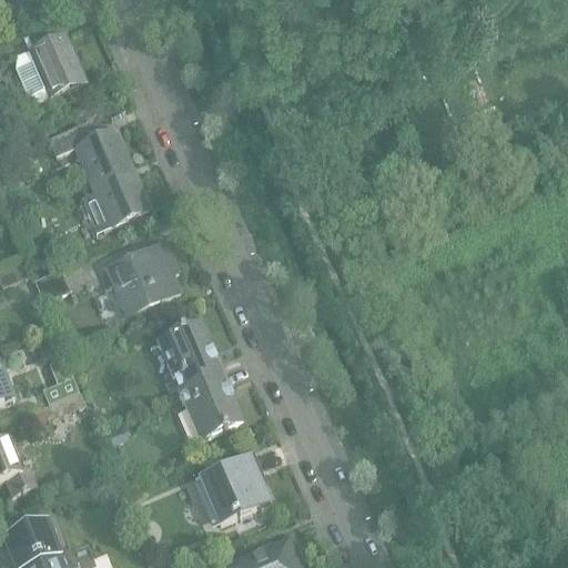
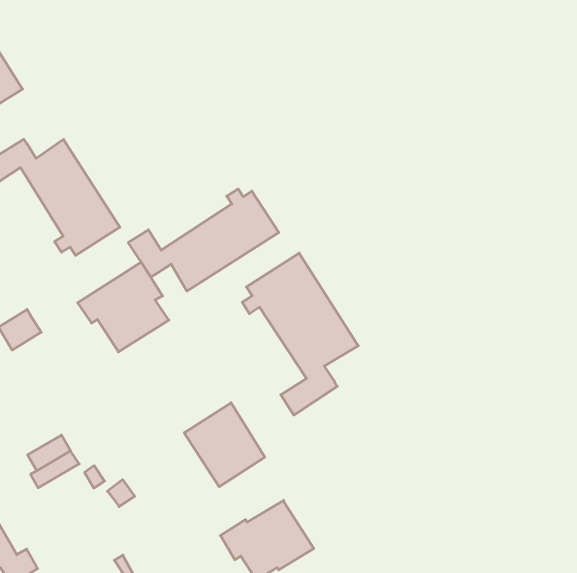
building: none -> [128,189,279,291]
building: none -> [242,253,358,415]
building: [155,321,219,387] -> none

